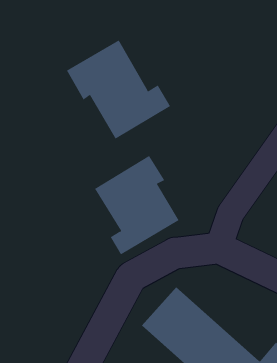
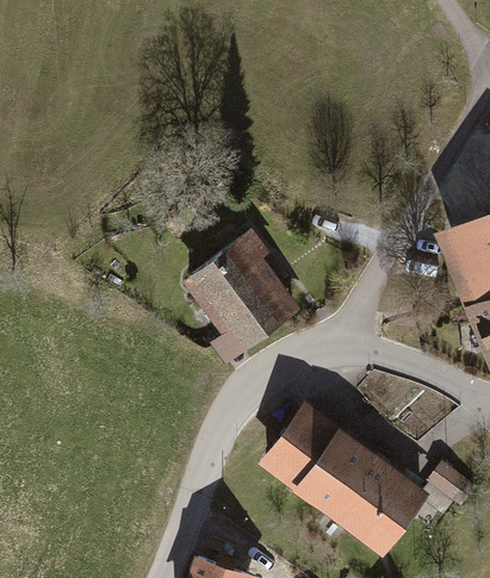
building: [66,40,171,139] -> none

